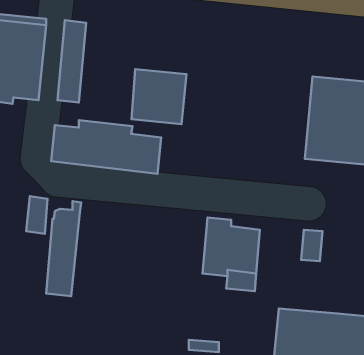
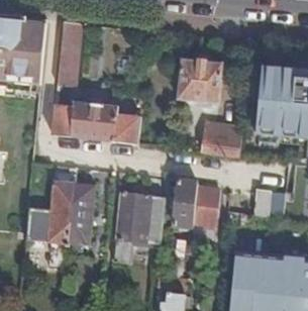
building: [131,69,186,124] -> [178,57,222,101]
building: none -> [203,122,241,156]
building: none -> [68,175,96,244]
building: none -> [112,192,165,261]

